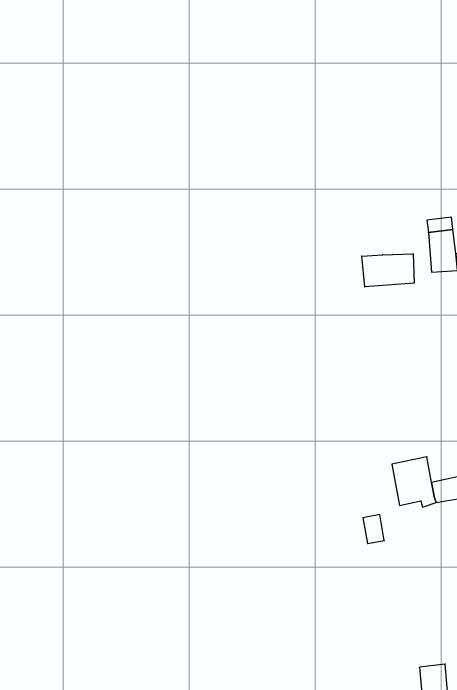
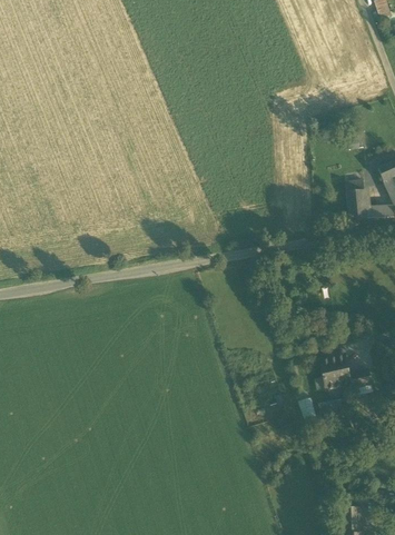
building: [362,254,414,287] -> none

